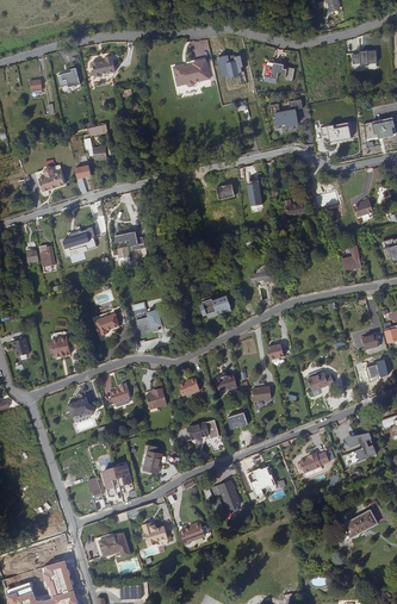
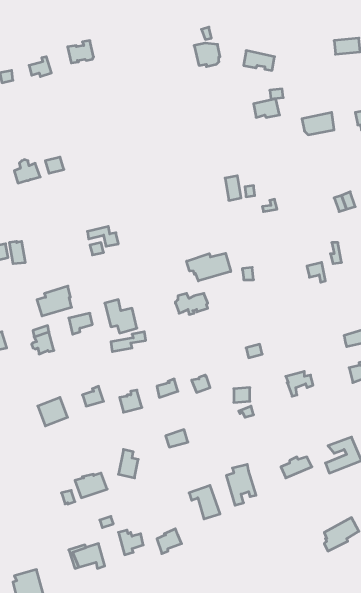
building: [174,57,211,85] -> none
building: [61,225,94,254] -> [37,286,72,316]
building: none -> [187,253,231,281]

